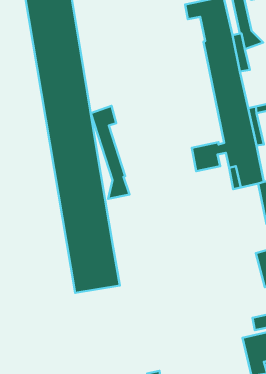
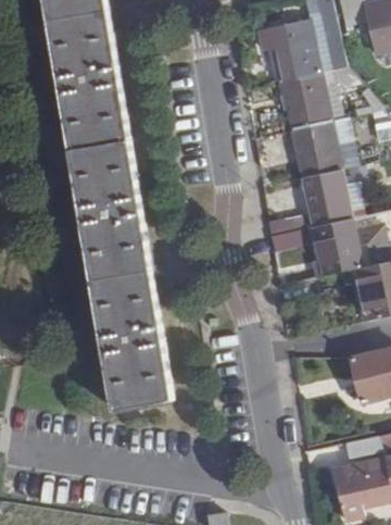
building: [91,106,130,199] -> none

